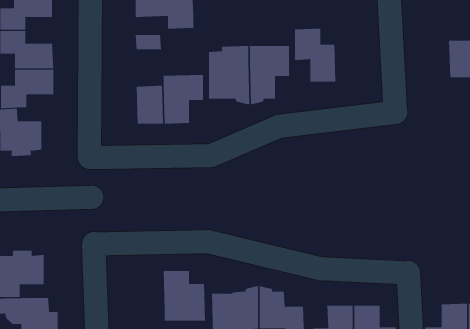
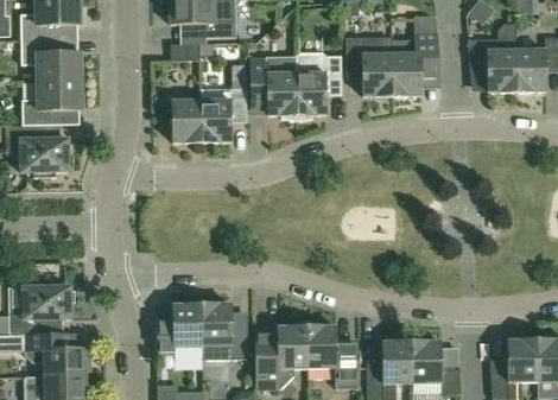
building: none -> [391,14,439,95]
building: none -> [468,23,516,91]
building: none -> [172,303,202,354]

